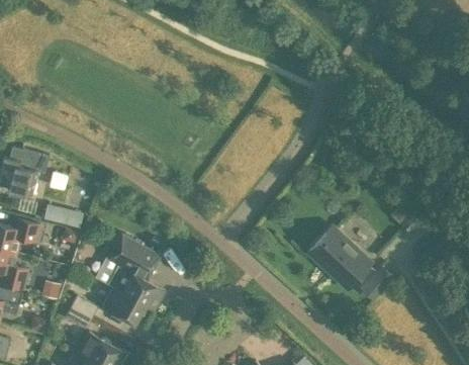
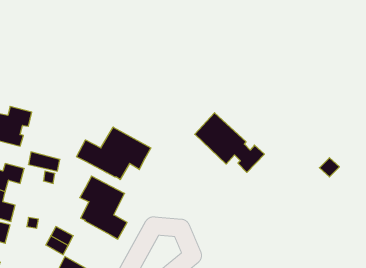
building: none -> [77,127,151,180]
building: [307,226,392,299] -> [195,113,264,172]
building: [101,288,144,325] -> none

